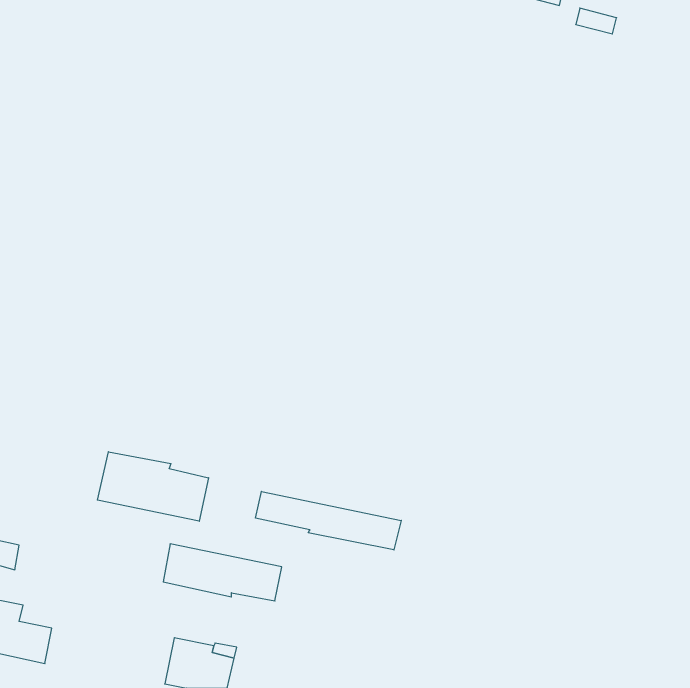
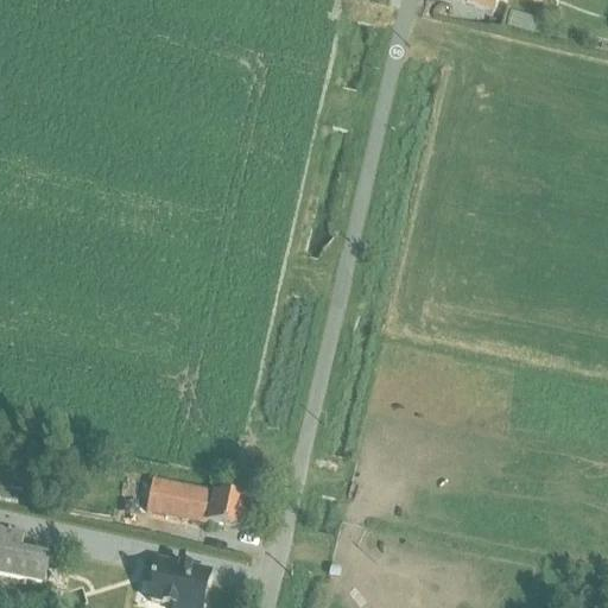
building: [97,452,209,521] -> none
building: [256,491,401,550] -> none

